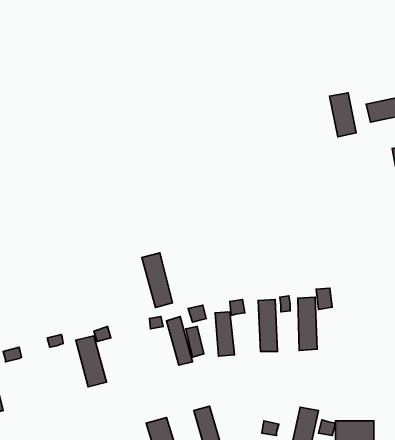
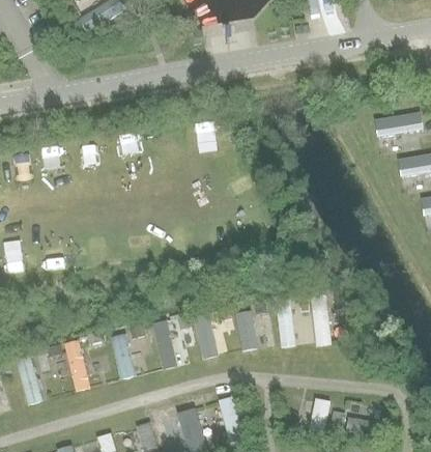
building: [329,93,356,137] -> none
building: [142,253,172,307] -> [151,319,179,369]
building: none -> [66,340,89,392]

